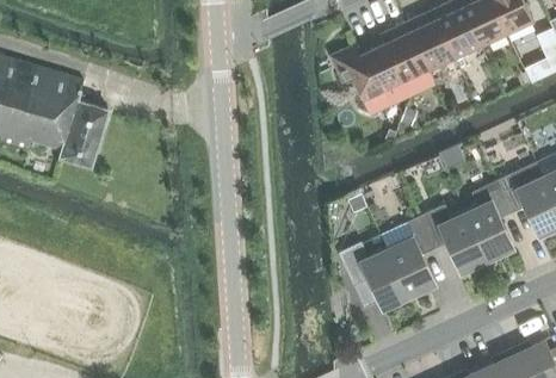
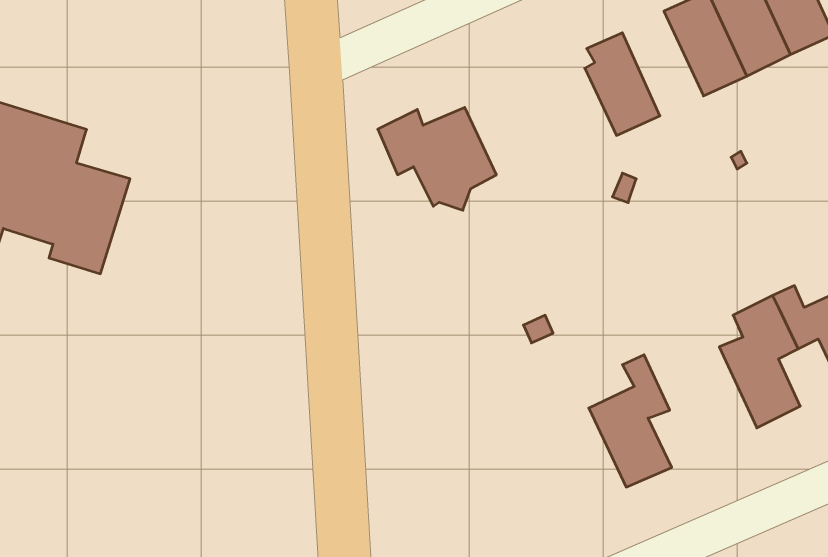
building: [406,8,455,72] -> none
building: [330,43,402,105] -> [378,107,496,210]
building: [419,204,487,272] -> none
building: [339,243,408,309] -> none

